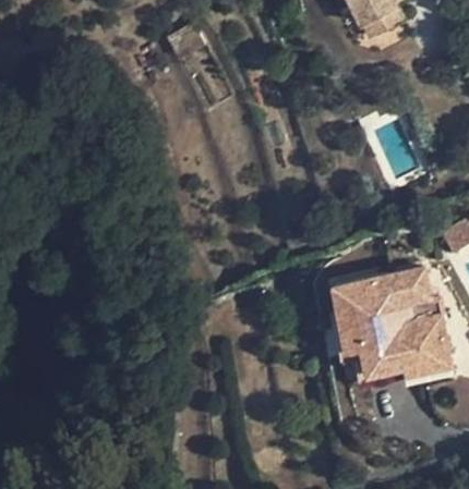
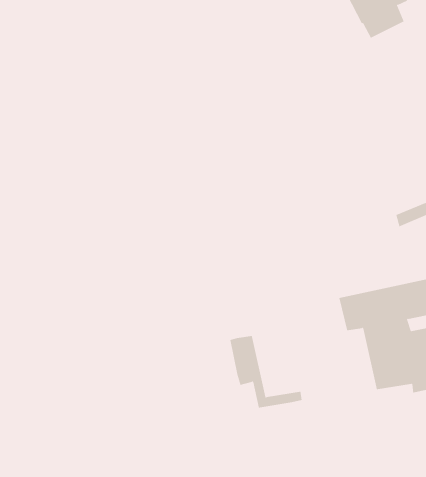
building: [339,316,409,386] -> [230,335,302,408]

